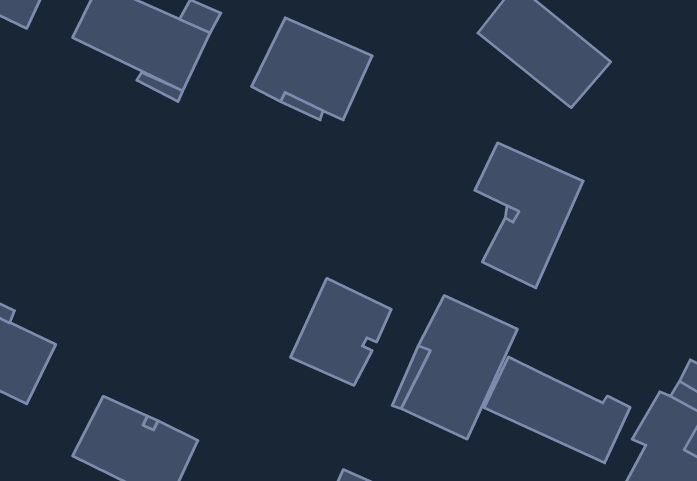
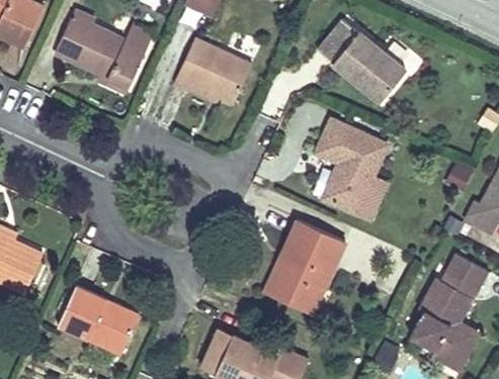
building: [291,278,391,385] -> none
building: [484,357,630,463] -> none

